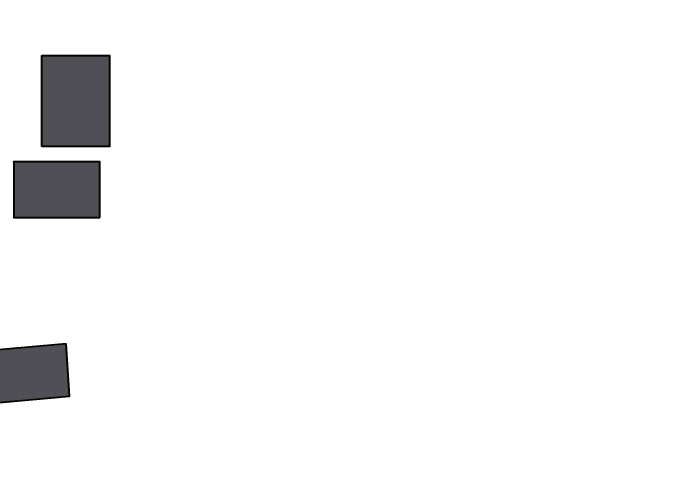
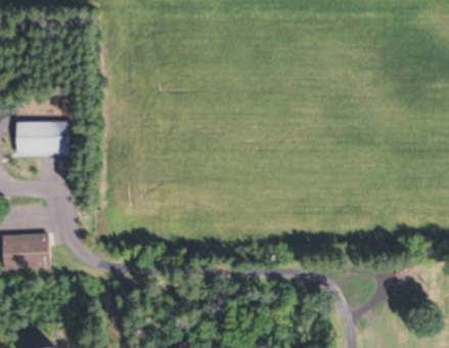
building: [42,56,110,146] -> none

